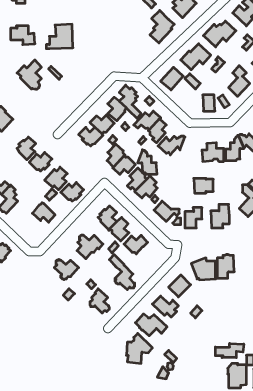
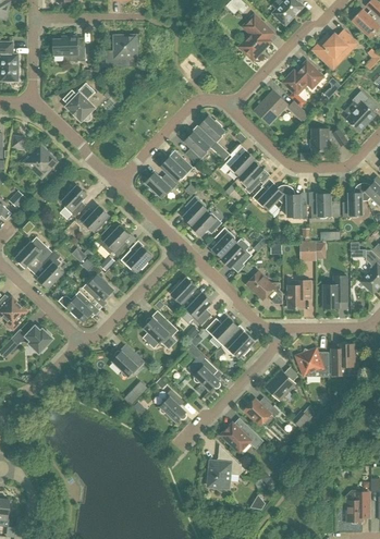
building: [138,150,157,174] -> [281,185,307,218]
building: none -> [58,291,93,321]
building: none -> [221,332,254,357]
building: [215,343,244,358] -> none

